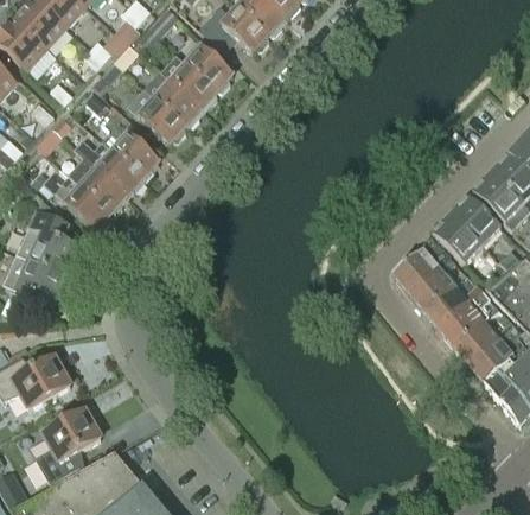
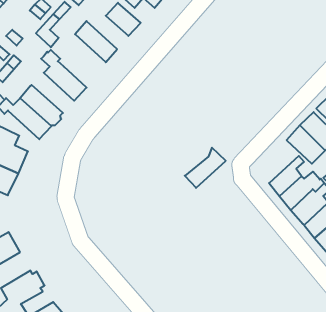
building: [160,56,217,109] -> none
building: [128,89,186,145] -> none
building: [75,140,143,196] -> none
building: [392,236,448,291] -> [185,148,226,188]

